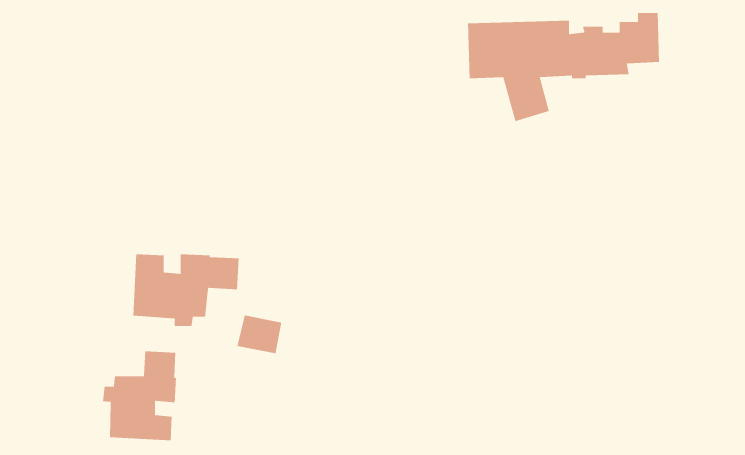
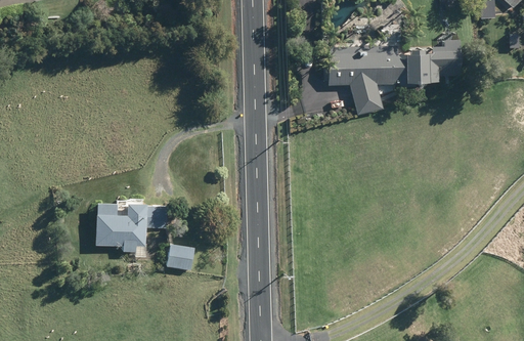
building: [102,351,177,441] -> none

